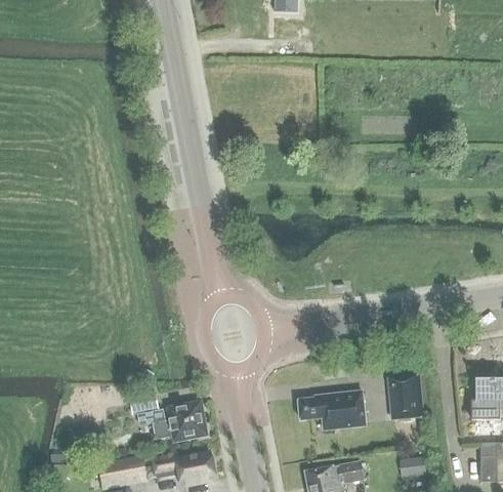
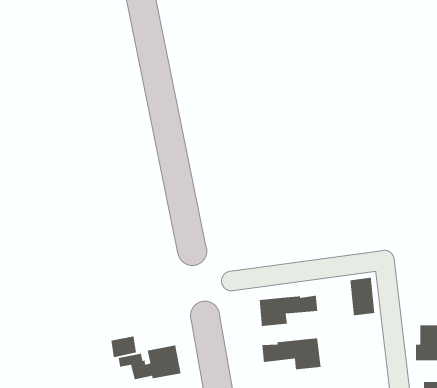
building: none -> [259,295,318,327]
building: [395,375,424,419] -> [350,277,375,316]

